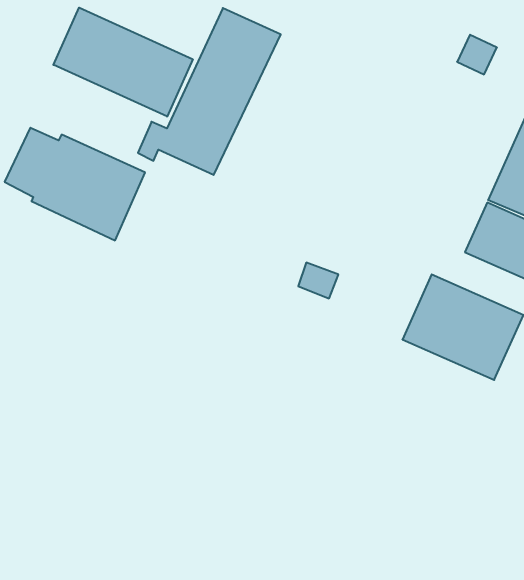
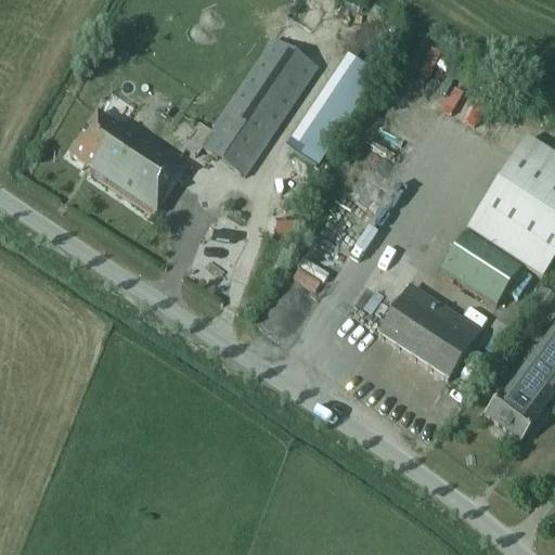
building: [53,8,193,117] -> none
building: none -> [300,54,384,166]

